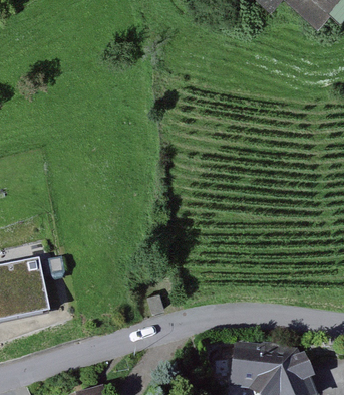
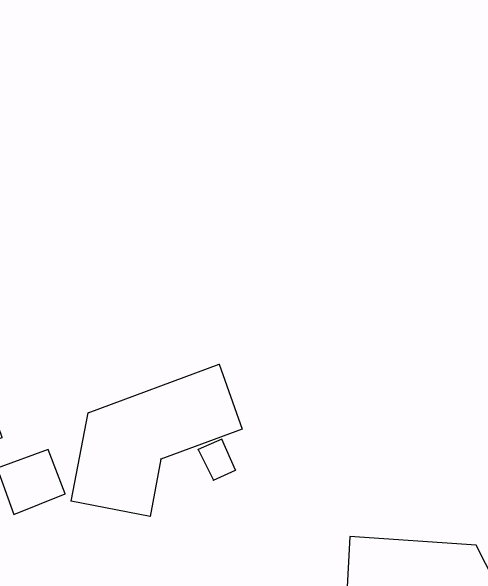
building: none -> [71,364,242,516]

